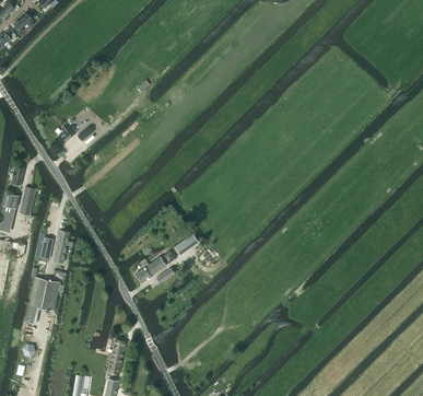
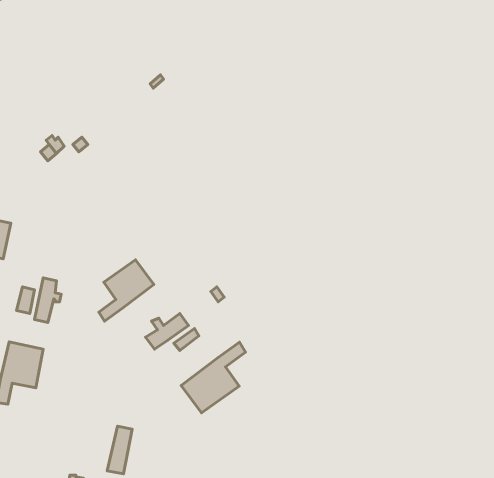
building: none -> [99,260,154,321]
building: none -> [181,342,246,413]

